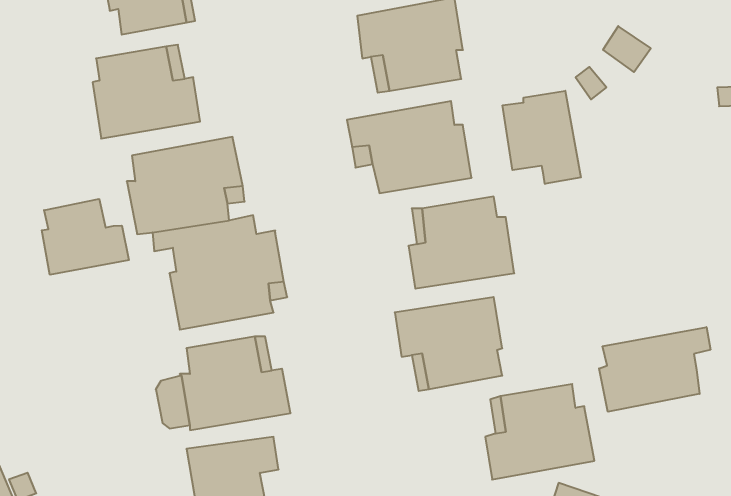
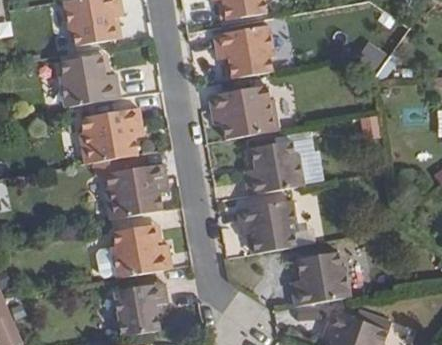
building: [503,91,581,184] -> none
building: [42,199,129,275] -> none
building: [599,327,710,412] -> none

